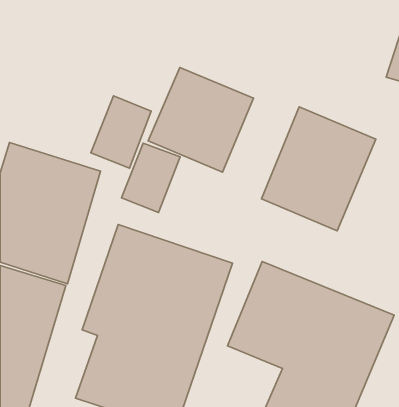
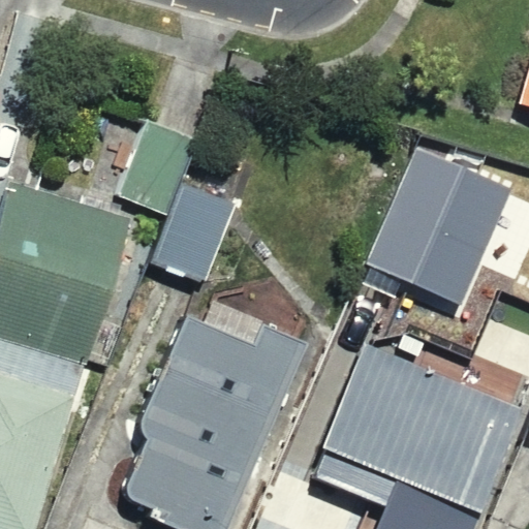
building: [148,68,254,172] -> none

